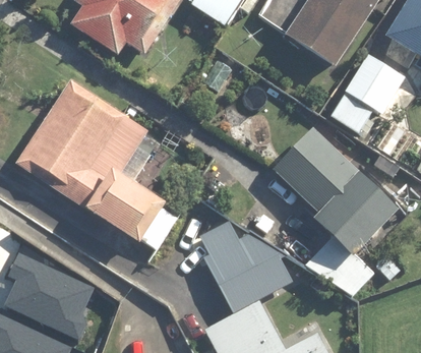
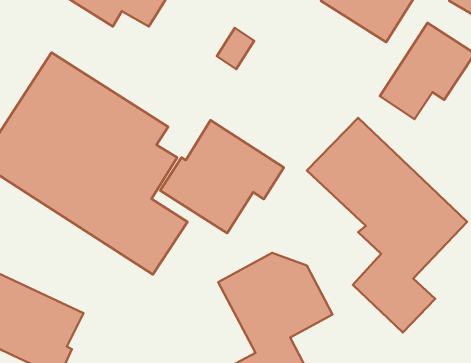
building: none -> [160,120,284,233]

